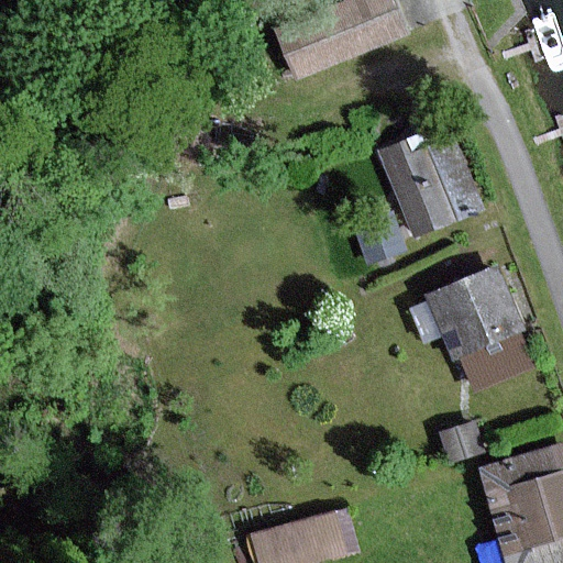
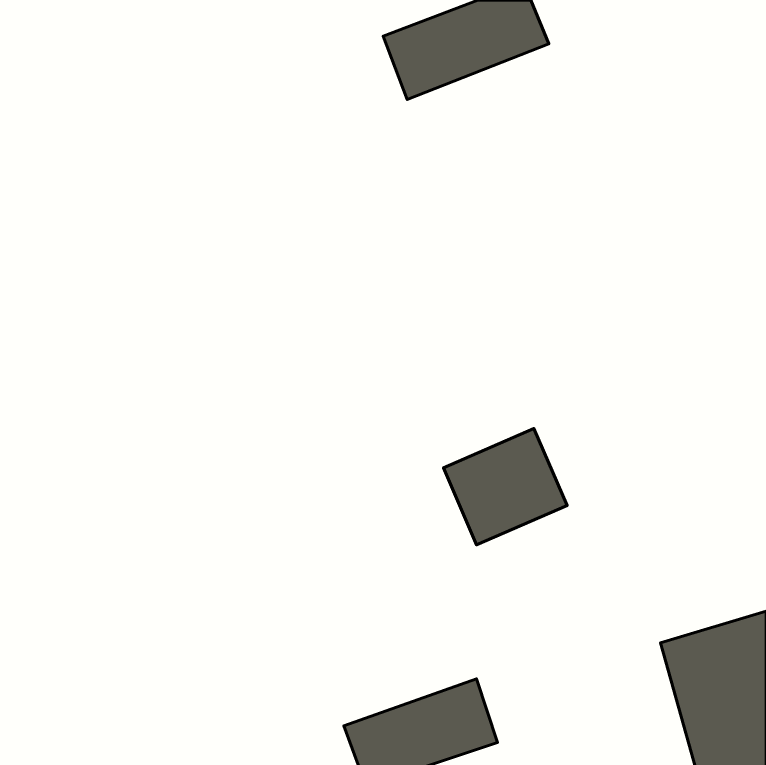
building: [383,143,475,238] -> none
building: [429,274,519,358] -> [443,429,567,545]

